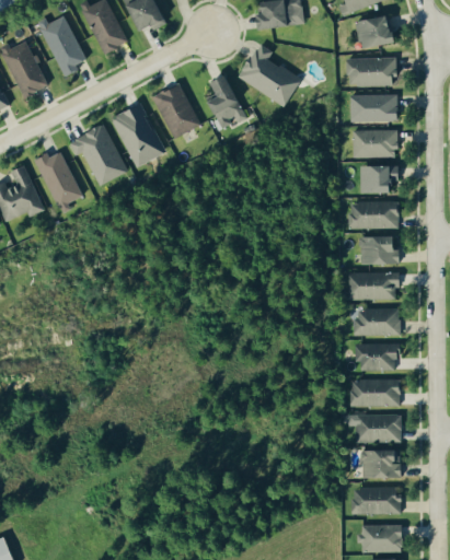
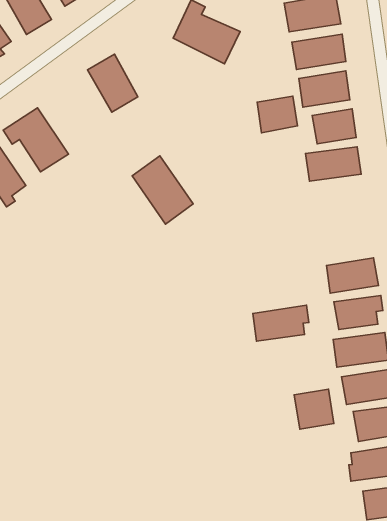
building: [210,77,247,129] -> none
building: [111,104,164,168] -> [132,156,193,224]
building: none -> [257,96,297,133]
building: [358,237,397,265] -> none
building: [348,272,400,300] -> [253,305,309,341]
building: none -> [294,389,334,429]

